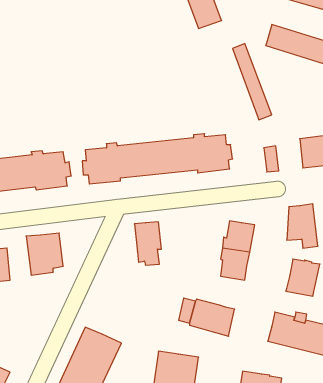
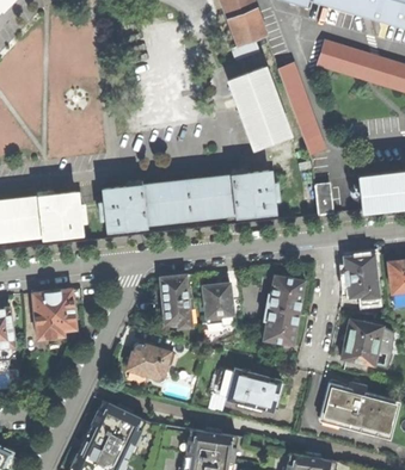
building: none -> [228,67,290,148]
building: none -> [203,283,233,324]
building: none -> [128,342,174,377]

